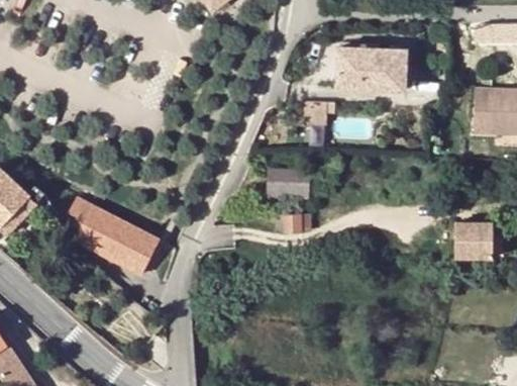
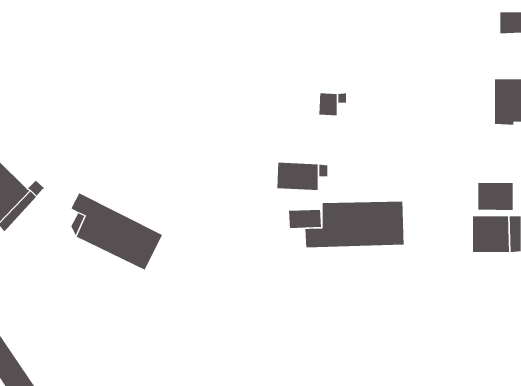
building: [338,47,406,91] -> none
building: none -> [478,182,513,211]
building: none -> [305,201,404,248]

